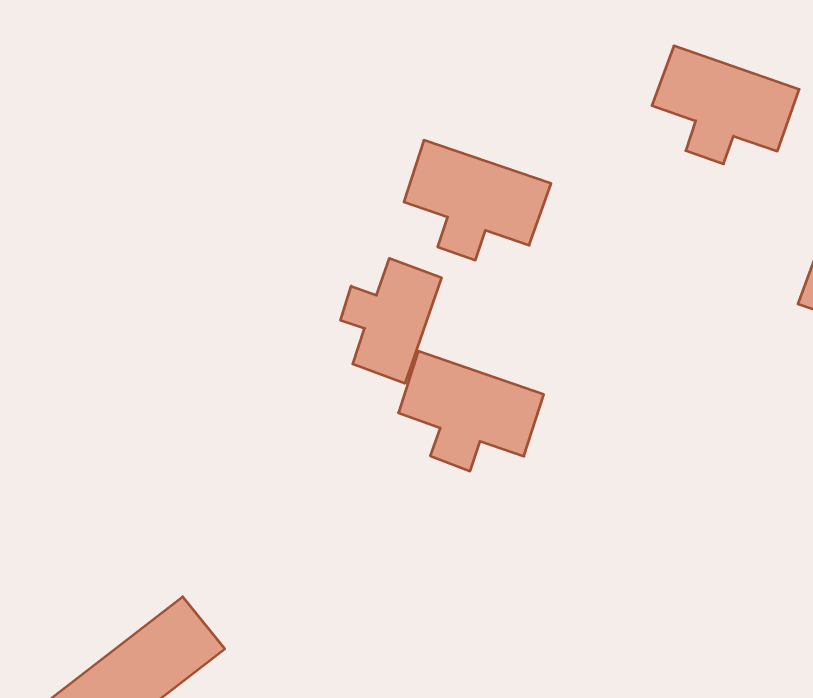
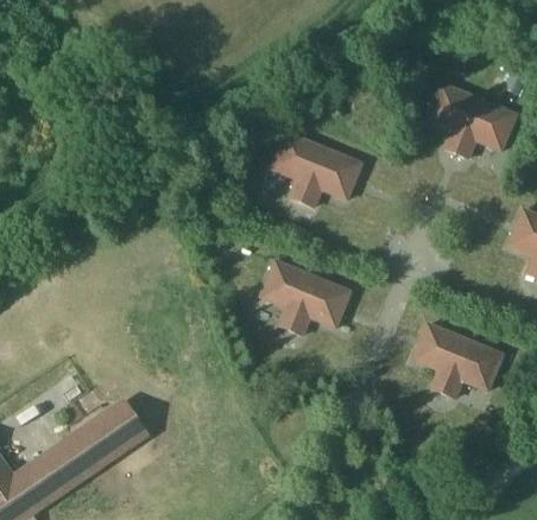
building: [341,258,441,383] -> none
building: none -> [412,322,501,395]

